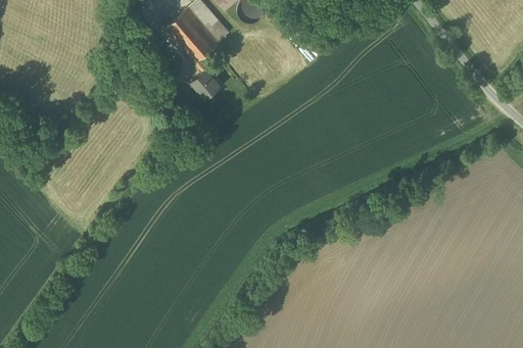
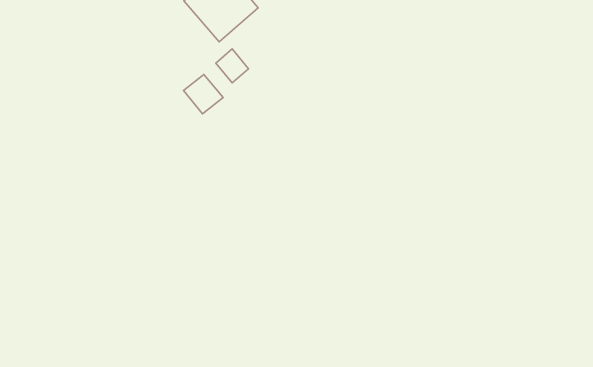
building: none -> [183,74,223,114]

